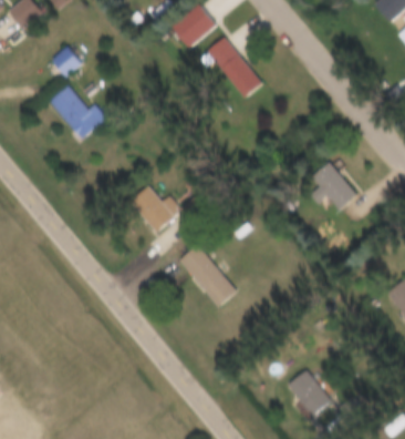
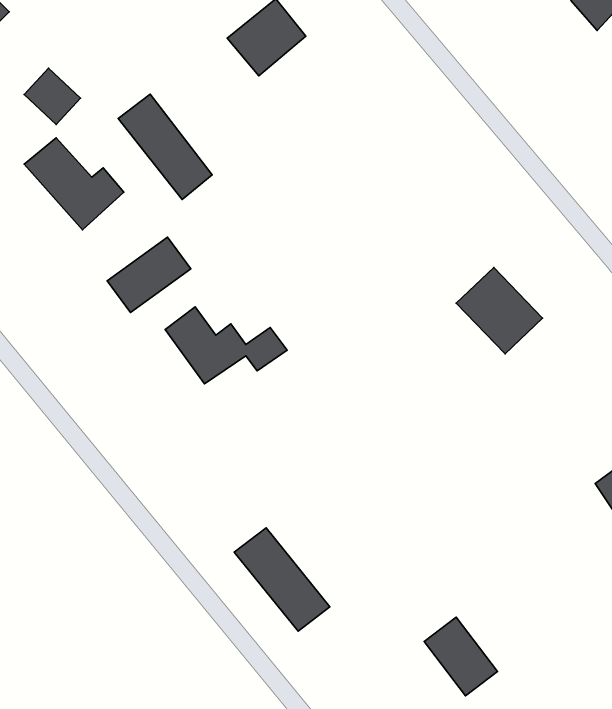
building: [208,37,263,99] -> [118,94,212,199]
building: none -> [107,237,191,312]
building: [181,245,238,306] -> [234,528,330,631]

